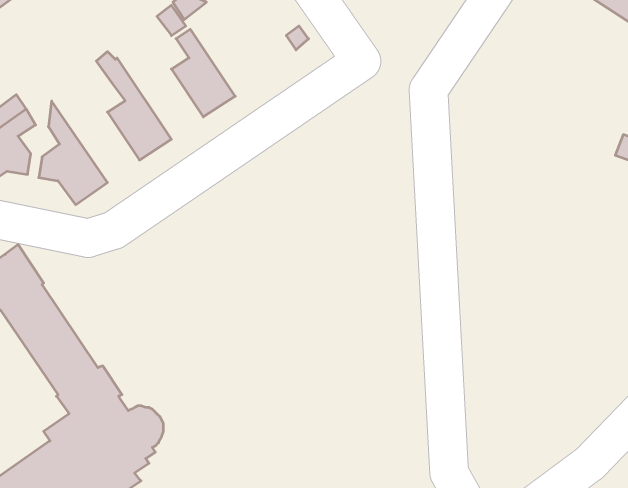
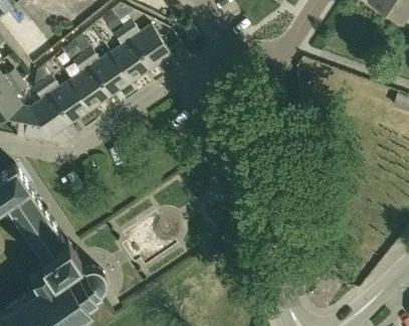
building: none -> [124,21,173,69]
building: none -> [77,39,132,97]
building: none -> [36,65,91,124]

